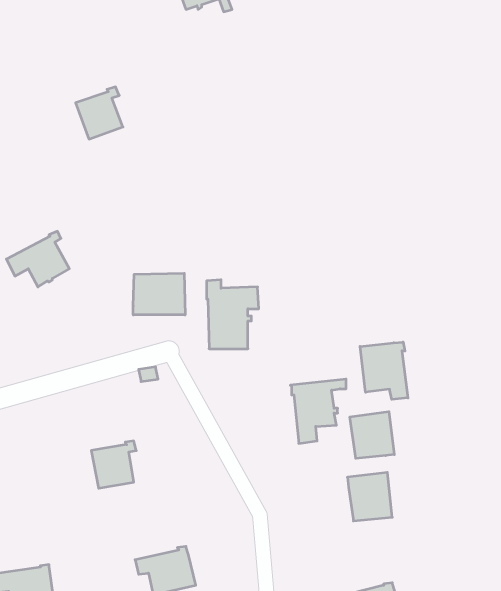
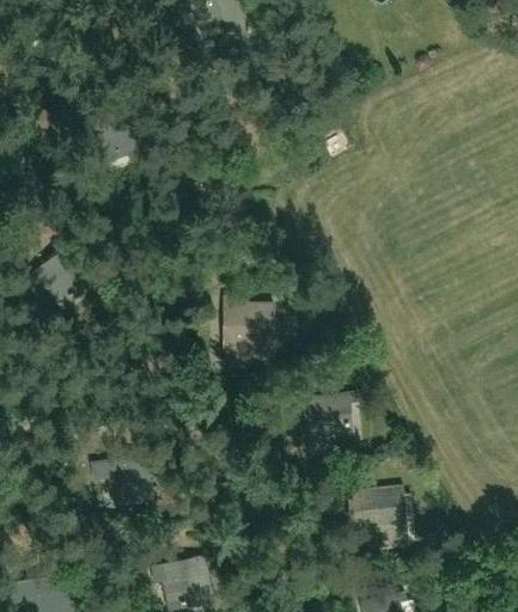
building: [133,273,185,315] -> none
building: [360,342,408,399] -> none
building: [350,412,394,458] -> none

